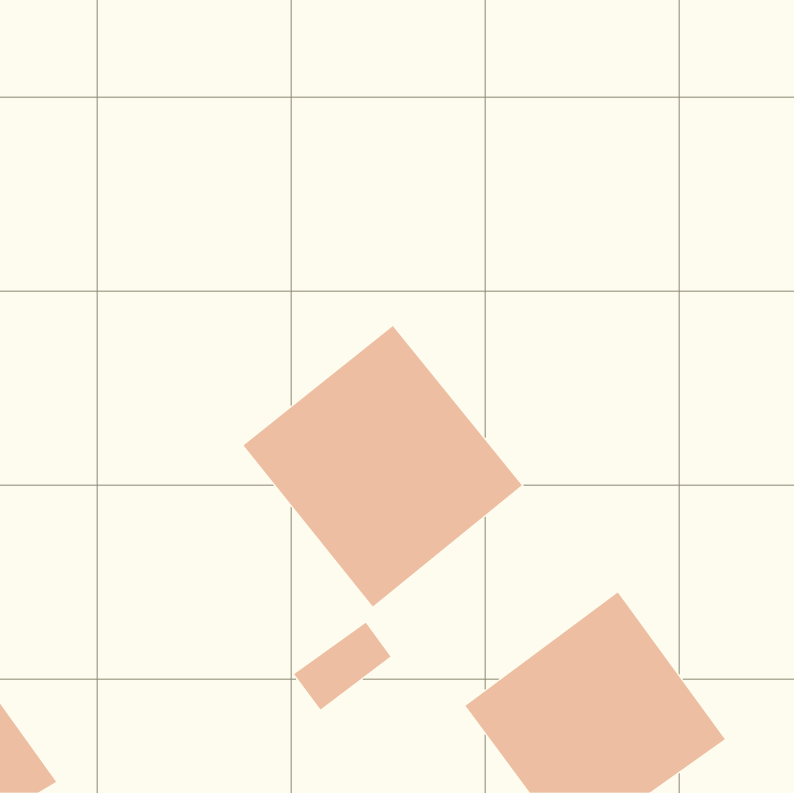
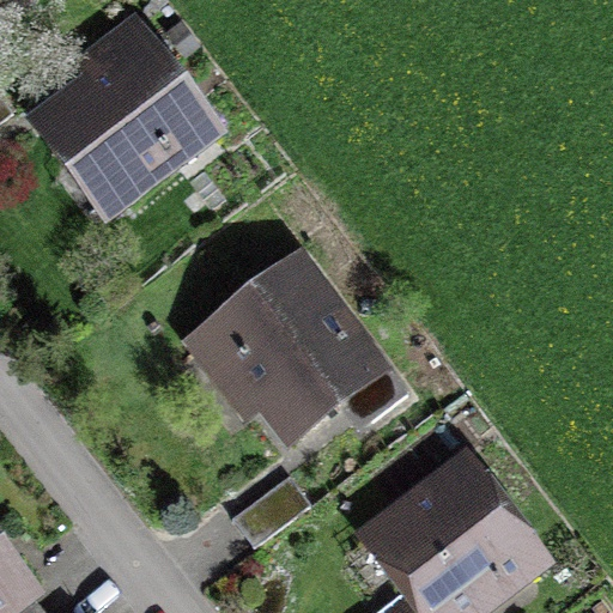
building: none -> [17,16,227,223]

